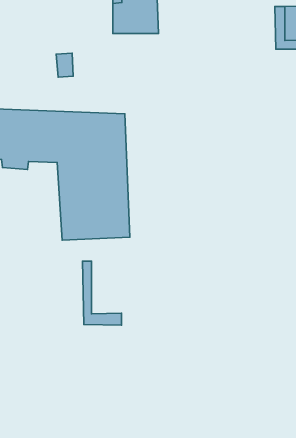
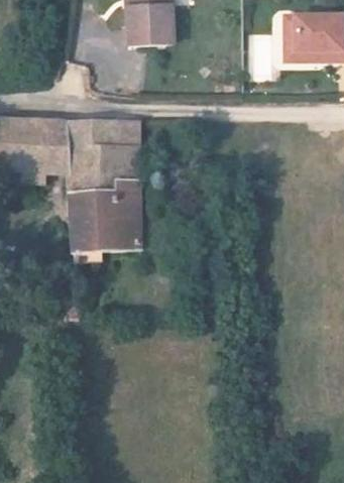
building: [83,261,122,325] -> none

